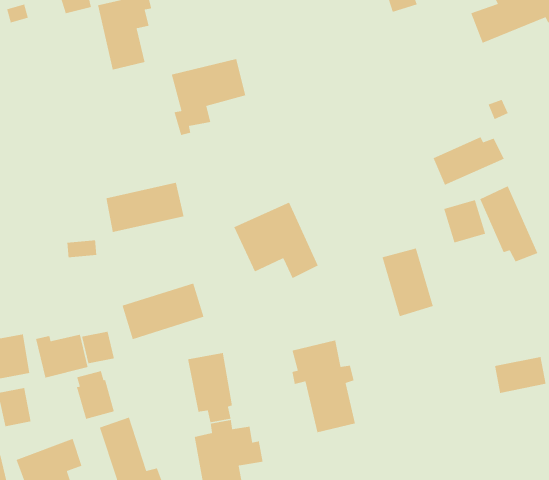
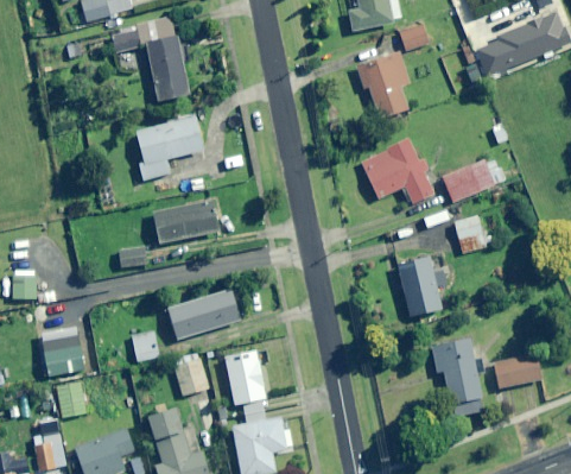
building: none -> [355,51,408,119]
building: [171,58,246,136] -> [135,116,202,185]
building: [479,185,539,263] -> none
building: [233,201,319,279] -> [357,137,433,206]
building: [35,334,88,378] -> none
building: [292,339,356,433] -> [429,335,486,418]
building: [76,370,115,420] -> [173,352,208,396]

